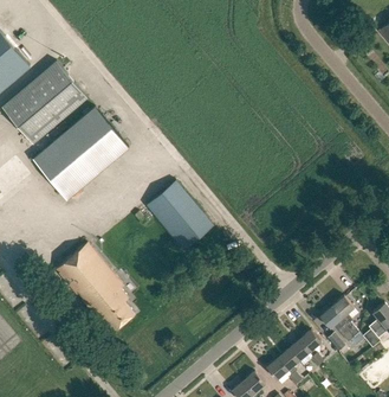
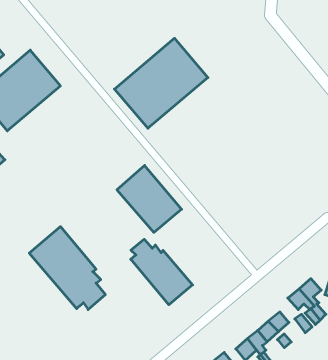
building: [32,107,128,199] -> [114,38,208,128]
building: none -> [131,239,193,305]

